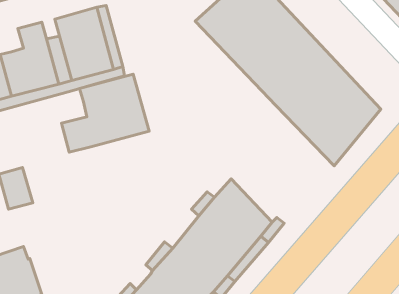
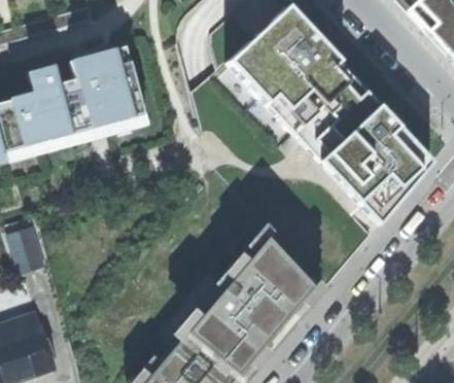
building: [61,74,149,152] -> none

